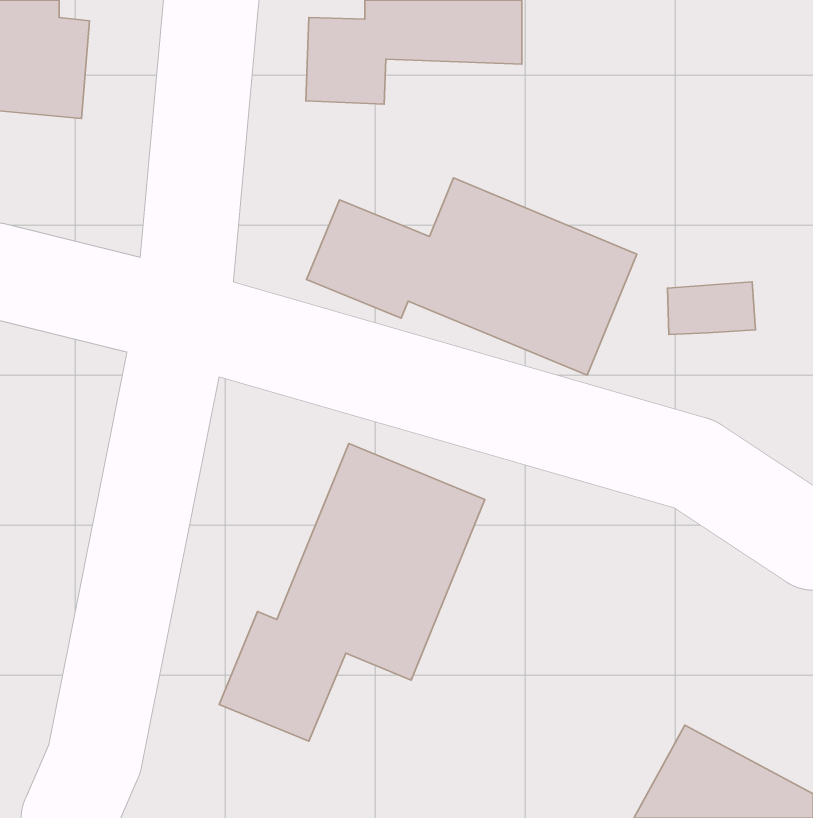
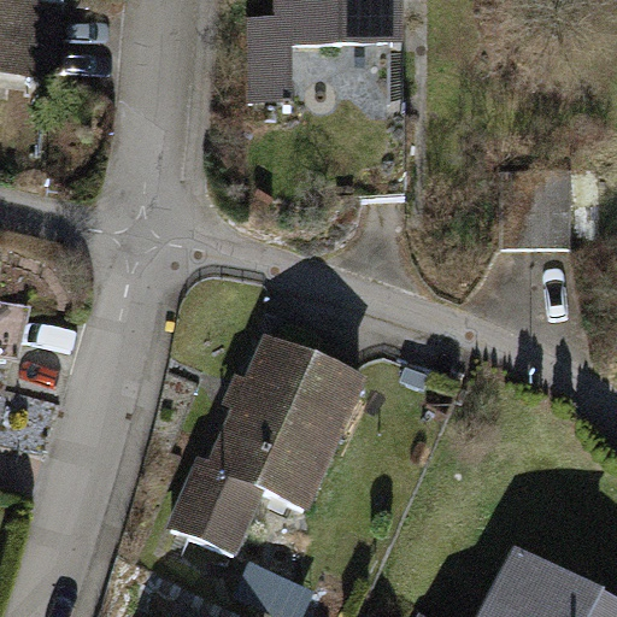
building: [307,178,637,375] -> none

